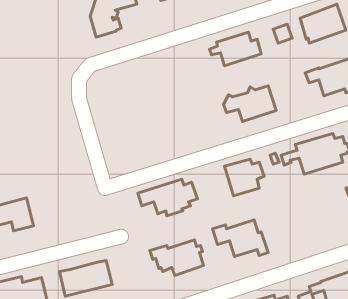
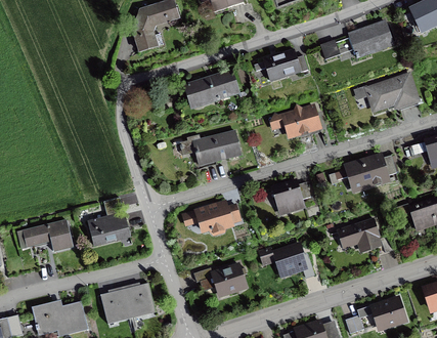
building: none -> [183,68,249,109]
building: none -> [180,129,242,166]
building: none -> [87,197,131,246]
building: none -> [337,216,393,253]

